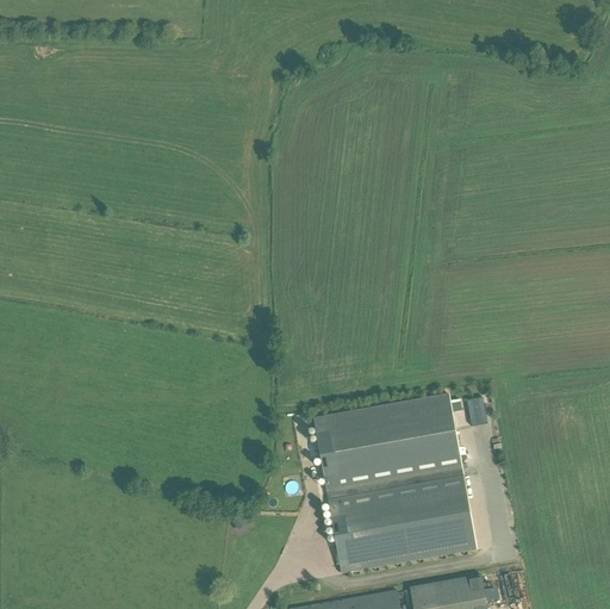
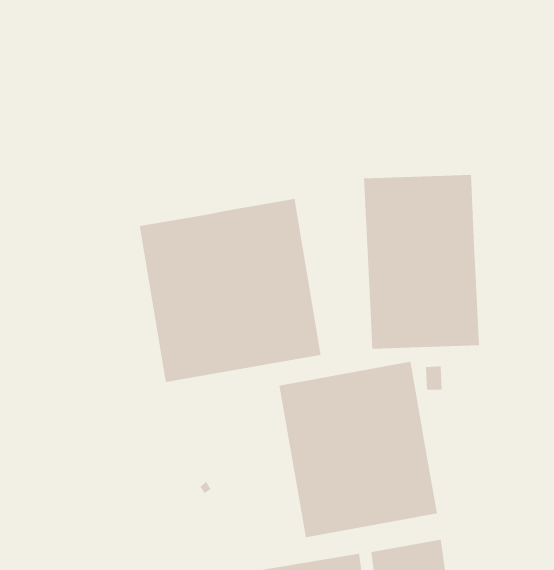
building: none -> [364,174,480,350]
building: none -> [139,198,321,383]

